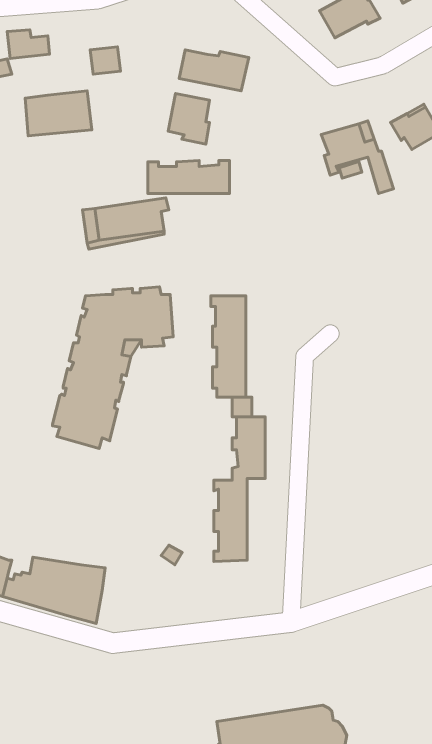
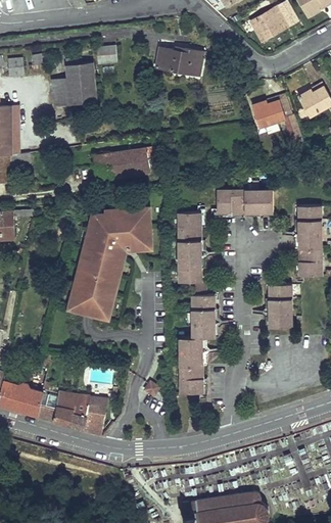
building: [7,30,49,59] -> [64,58,93,78]
building: [168,93,210,144] -> none
building: [148,160,230,194] -> [217,190,272,212]
building: none -> [298,206,321,275]
building: none -> [269,284,291,326]

